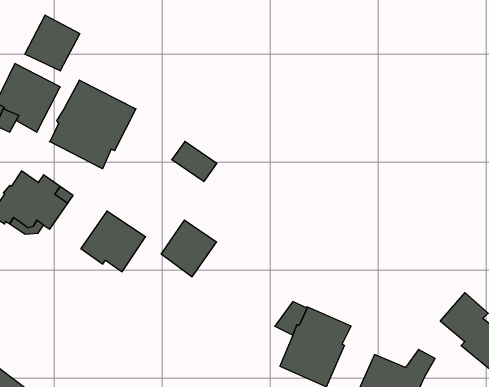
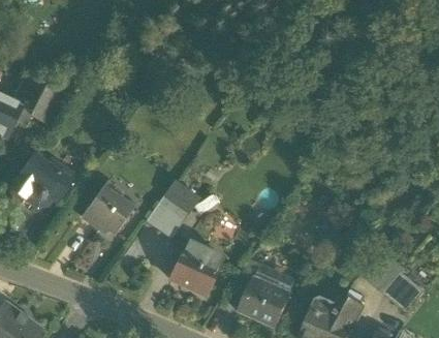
building: [25,15,80,71] -> none
building: [49,80,136,169] -> none
building: [172,141,217,182] -> [164,180,200,212]
building: none -> [170,242,221,295]

